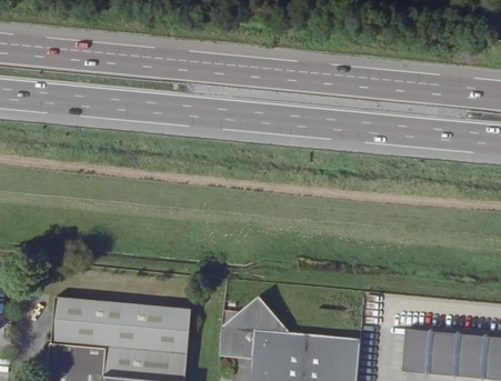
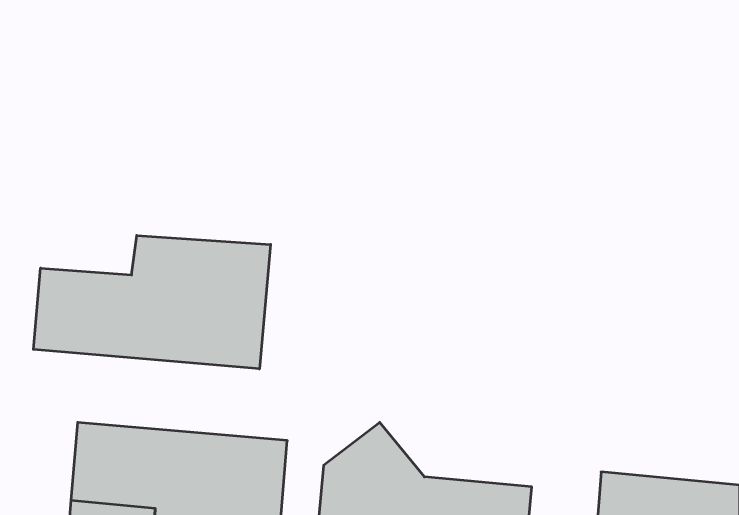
building: none -> [33,235,271,369]

